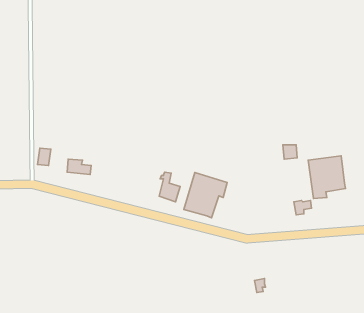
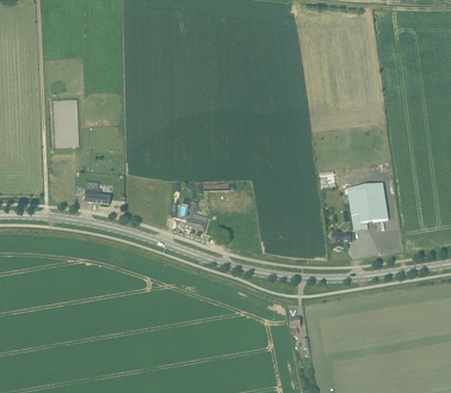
building: [184,173,227,218] -> none

